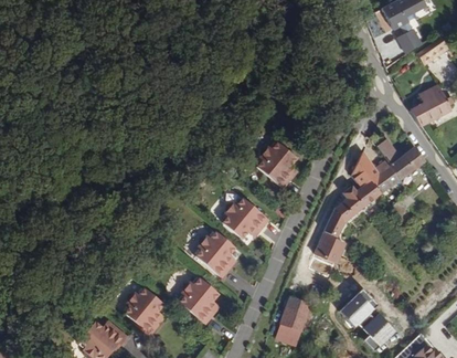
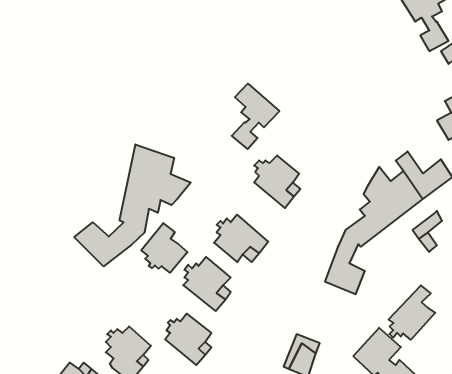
building: none -> [232,84,279,149]
building: none -> [74,144,191,266]
building: none -> [141,223,188,273]
building: none -> [389,285,435,340]

